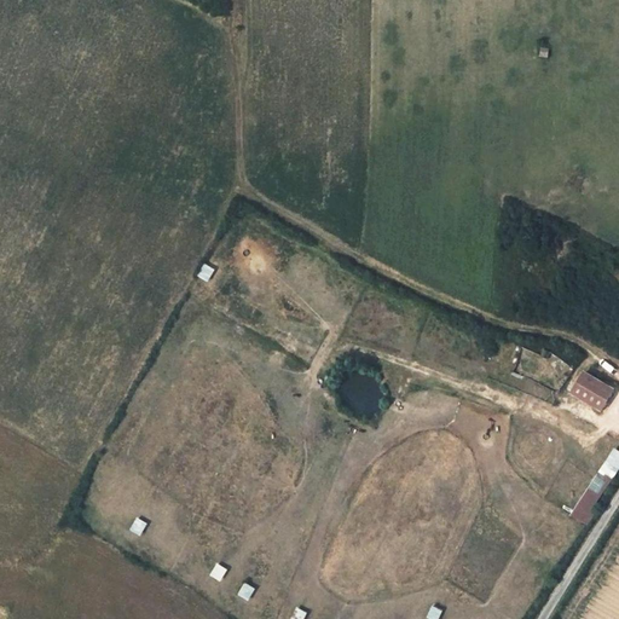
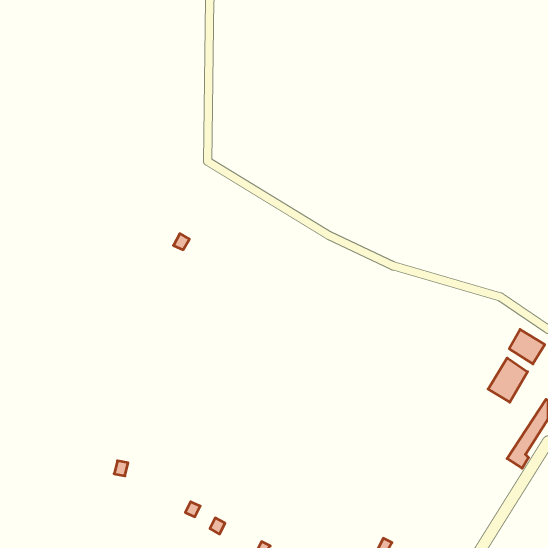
building: none -> [488,358,528,402]

